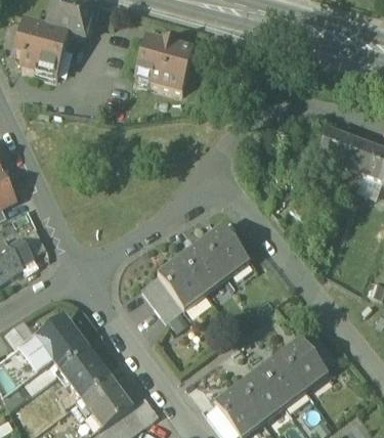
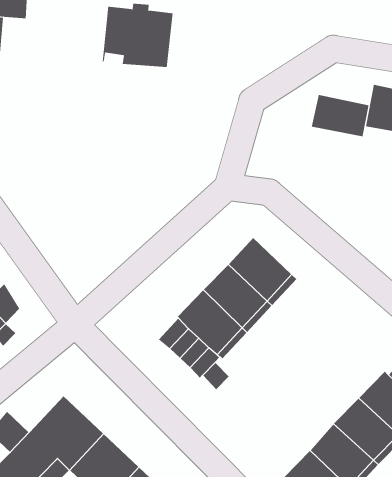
building: none -> [311,94,369,137]

